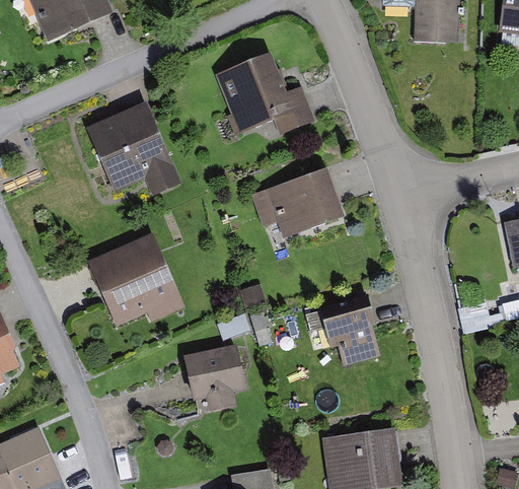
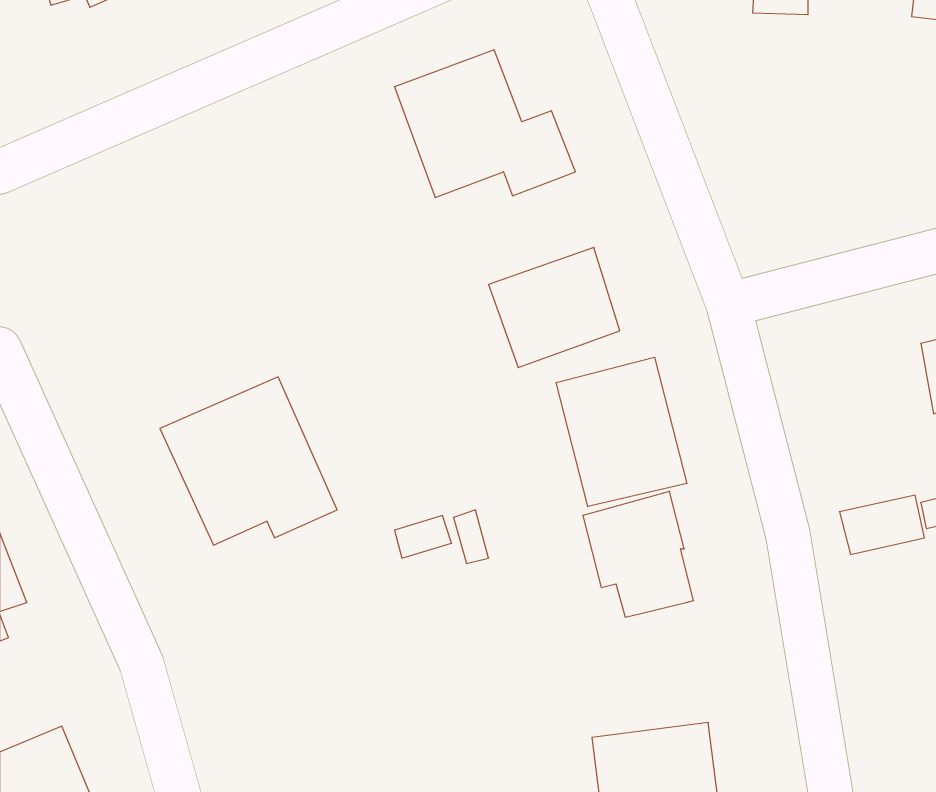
building: [87,106,182,199] -> none
building: none -> [556,357,687,507]
building: [184,343,243,404] -> none

